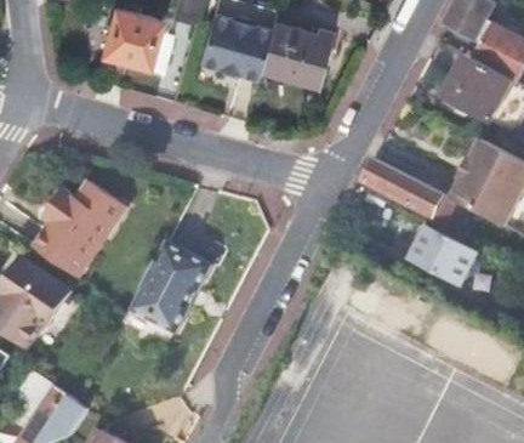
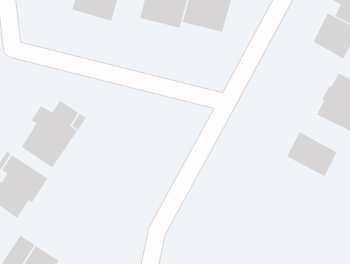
building: [365,160,463,235] -> none
building: [129,243,211,335] -> none

